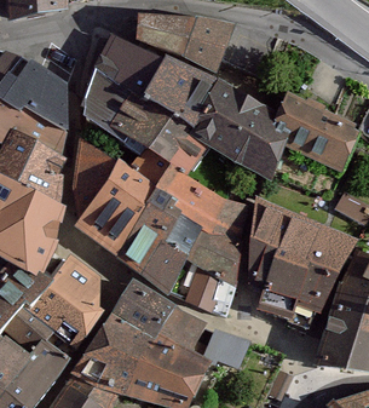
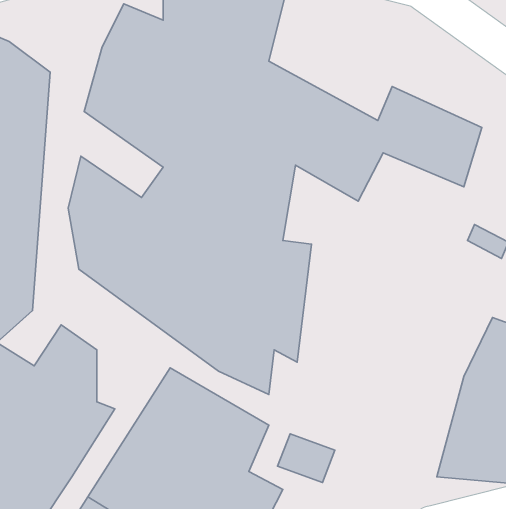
building: [246,197,347,309] -> none

